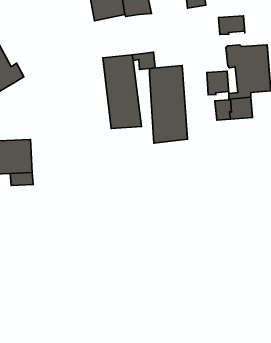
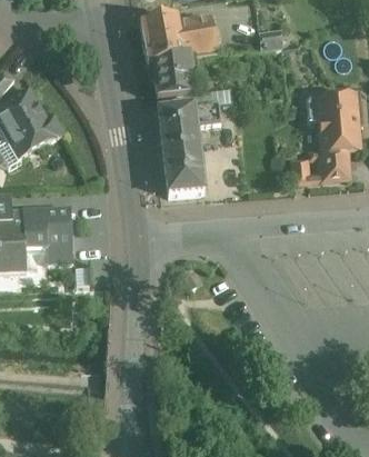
building: none -> [148,58,203,99]
building: [219,16,245,34] -> none
building: [150,65,188,143] -> none
building: [207,71,229,95] -> none

